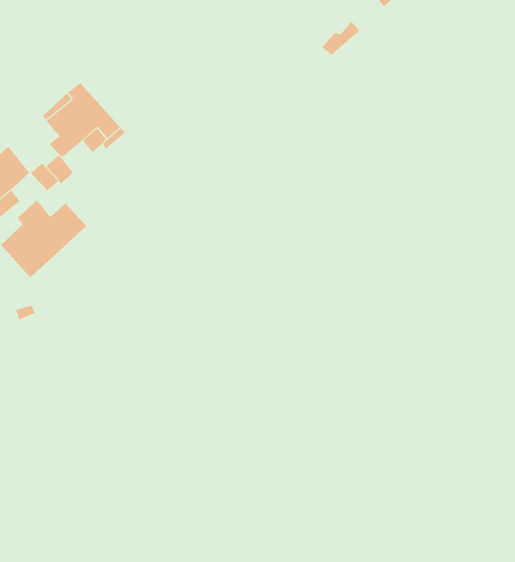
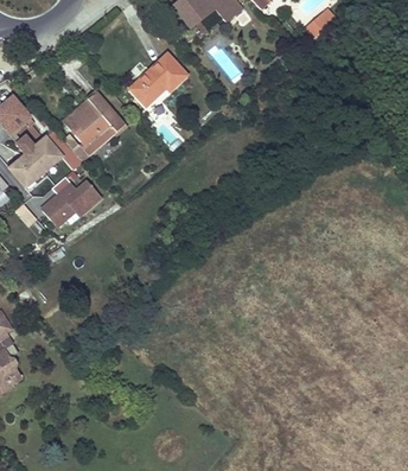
building: none -> [128,53,186,110]

